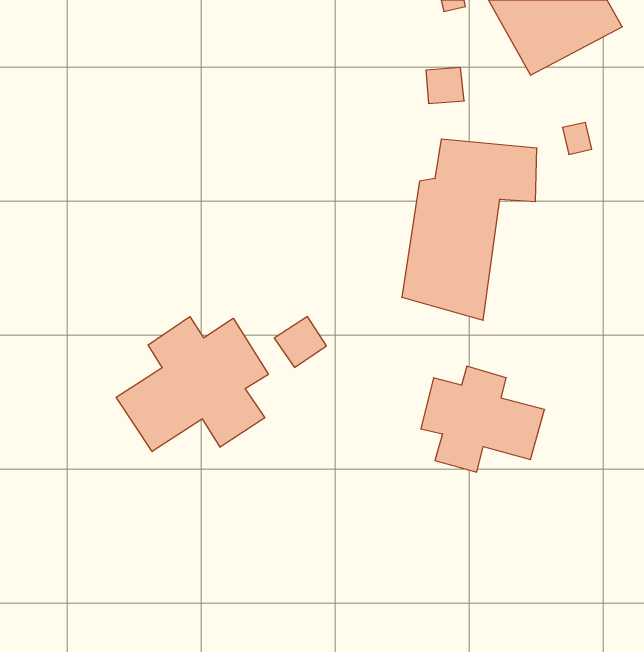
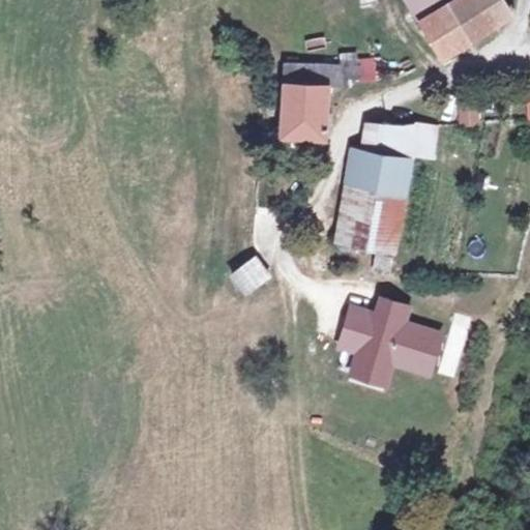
building: none -> [273,60,330,145]
building: [116,317,268,452] -> none

